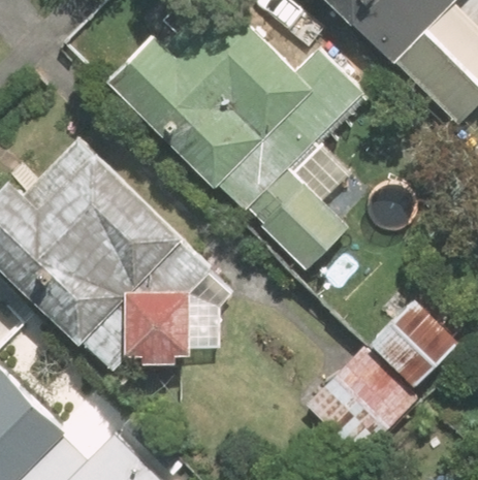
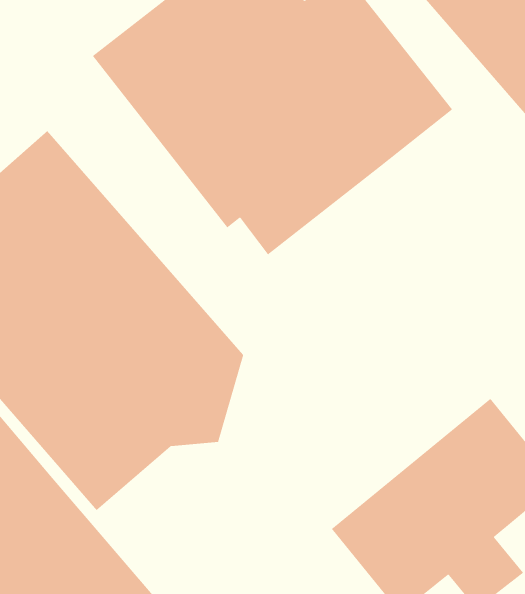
building: [243,137,353,271] -> none

